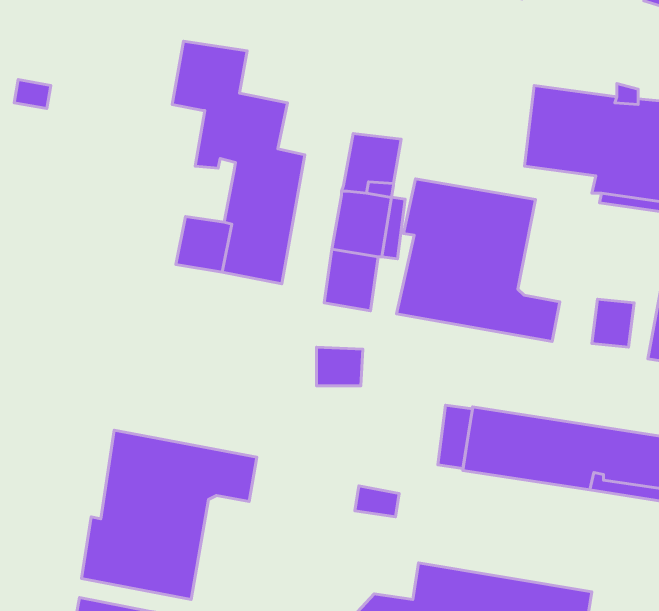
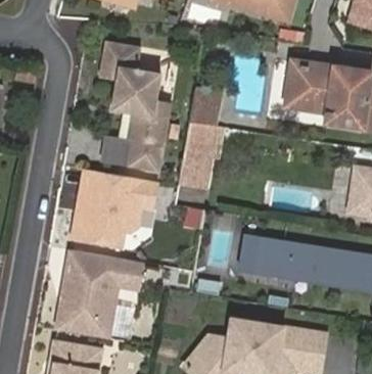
building: [396,179,560,341] -> none
building: none -> [68,170,154,246]

